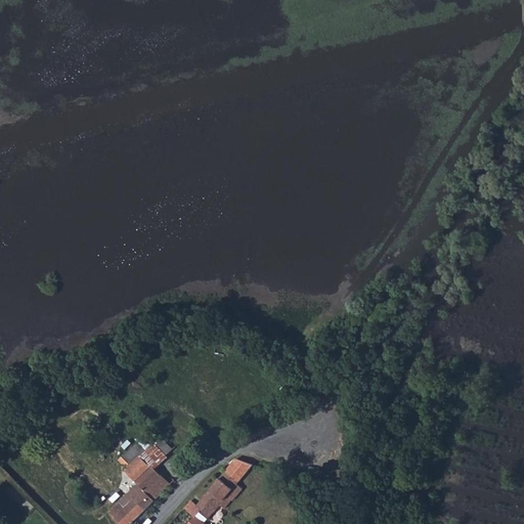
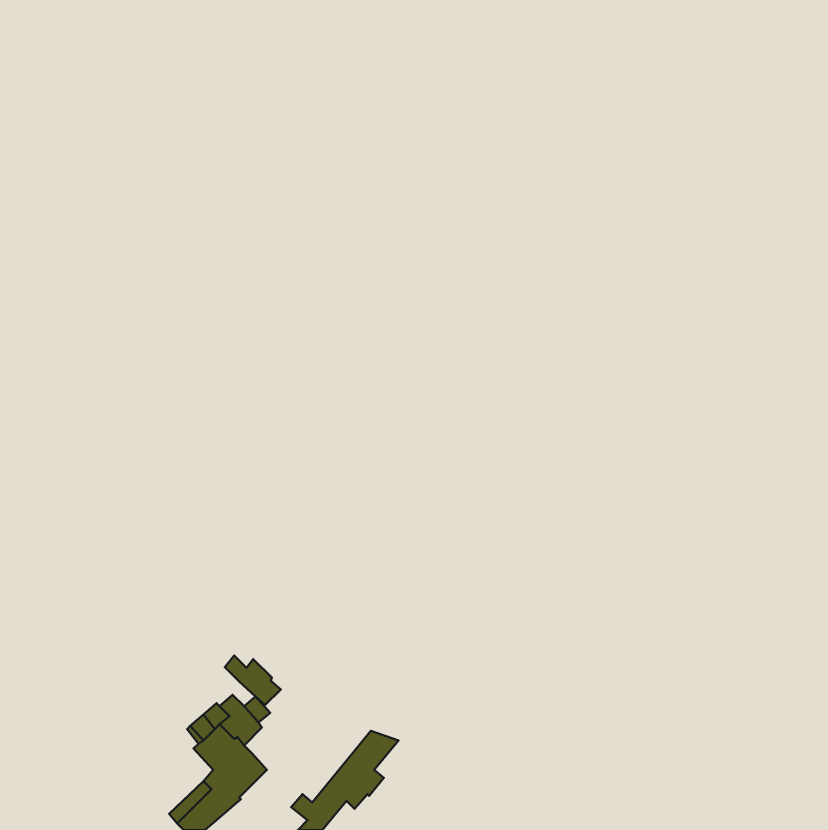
building: none -> [225,656,281,705]

